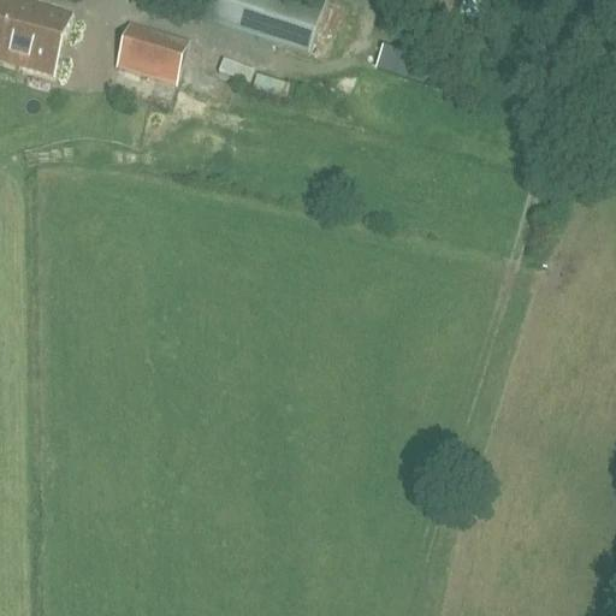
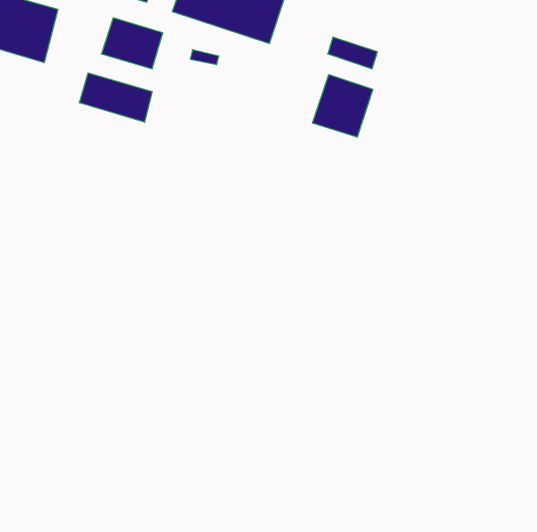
building: none -> [79,73,152,122]
building: none -> [312,75,373,137]

